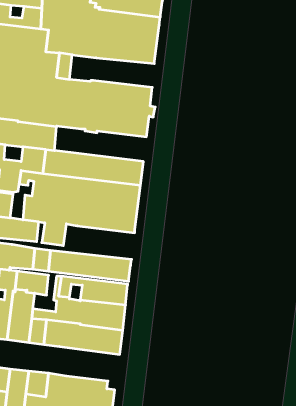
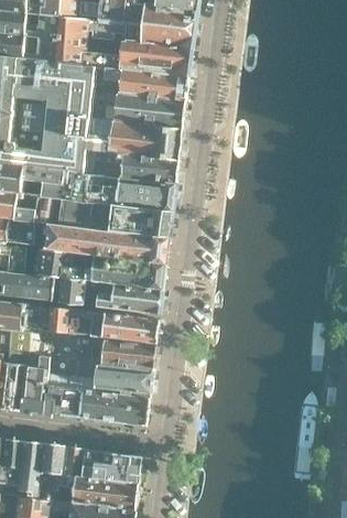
building: none -> [115,95,183,128]
building: none -> [72,171,177,212]
building: none -> [95,282,164,314]

